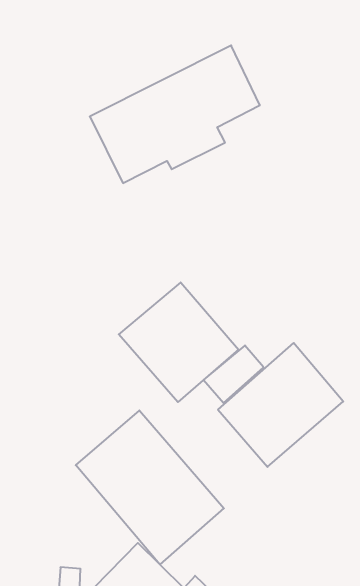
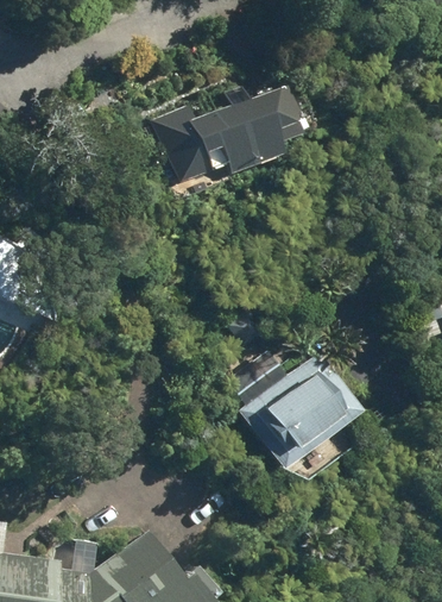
building: [119,282,239,402] -> none
building: [76,410,224,565] -> none

